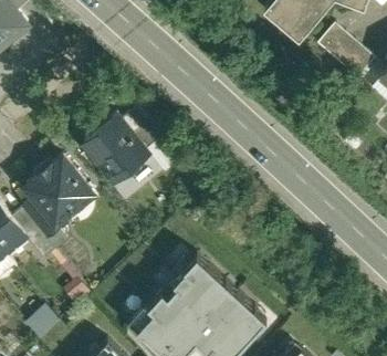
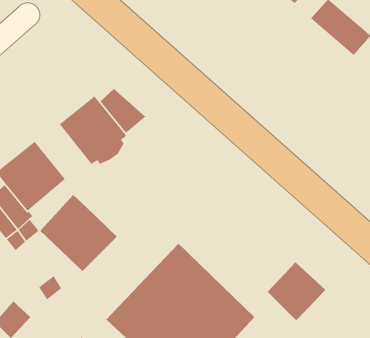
building: none -> [39,194,118,272]
building: none -> [267,262,326,321]

